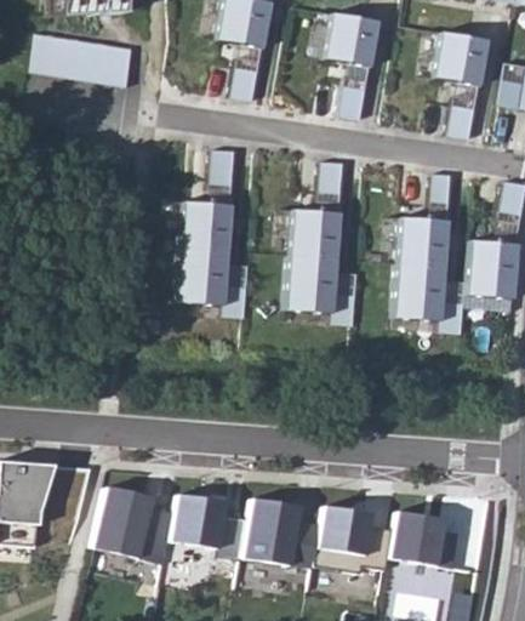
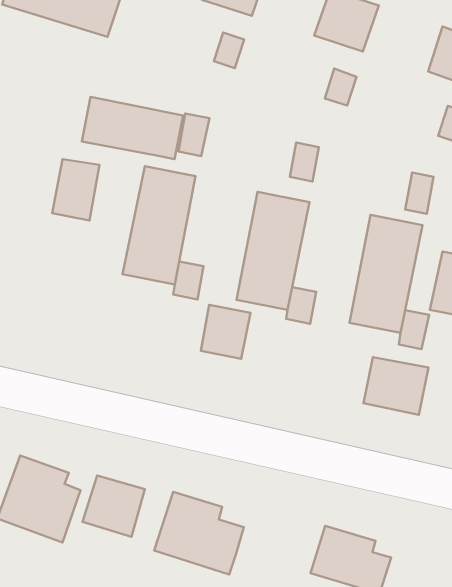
building: none -> [82,97,183,159]
building: none -> [52,159,99,220]
building: none -> [201,305,250,359]
building: none -> [363,357,428,415]
building: [320,505,373,556] -> none

